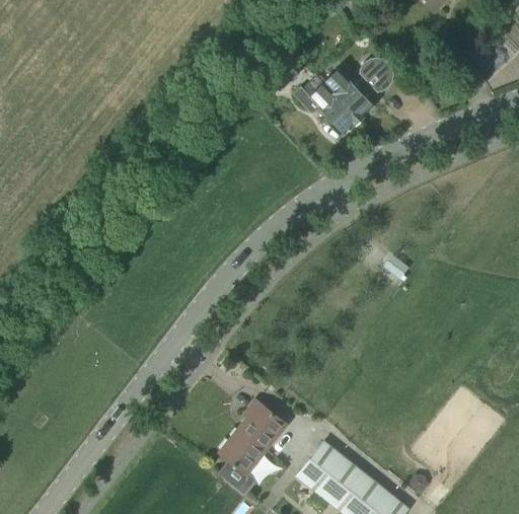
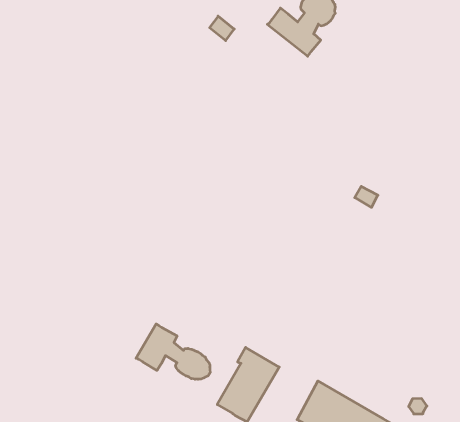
building: [293,82,359,134] -> none
building: none -> [136,324,210,379]

